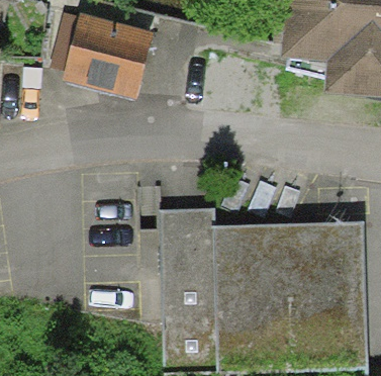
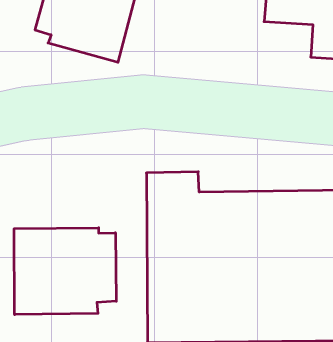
building: none -> [14,228,116,315]

